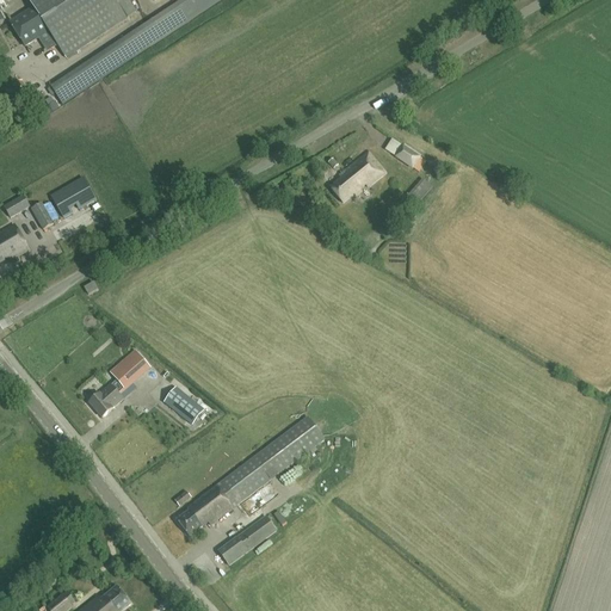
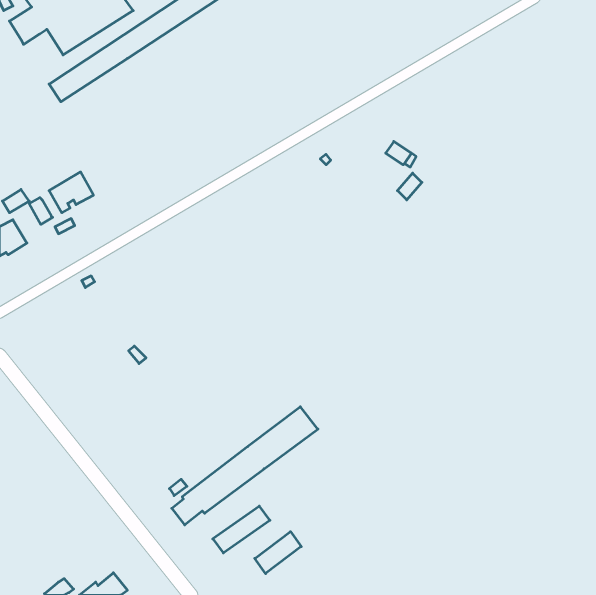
building: [329,150,384,202] -> none
building: [88,370,131,416] -> none
building: [163,387,203,424] -> none
building: none -> [255,532,301,574]

